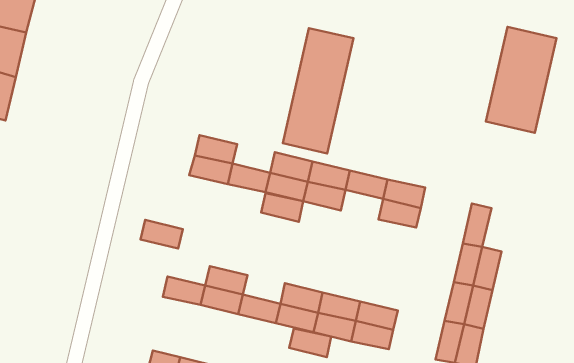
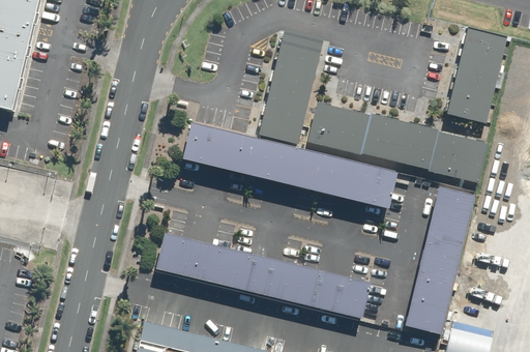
building: none -> [313,100,493,182]
building: none -> [317,174,355,201]
building: [261,193,303,222] -> [218,133,257,158]
building: none -> [445,190,471,230]
building: [141,220,183,248] -> [159,235,198,261]
building: [289,329,331,357] -> [228,252,266,277]

